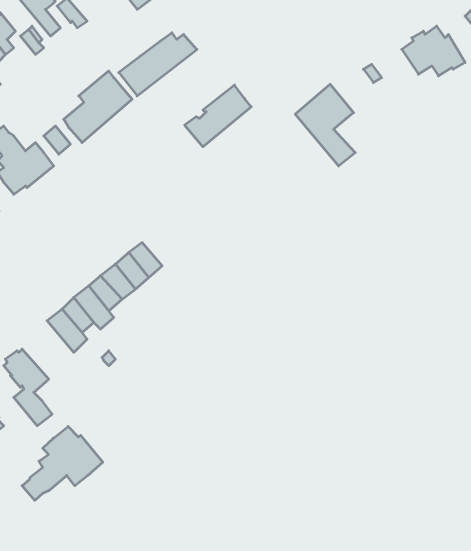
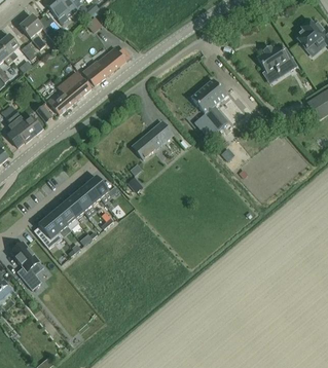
building: [185,85,251,147] -> [132,120,173,158]
building: [22,426,103,500] -> none

